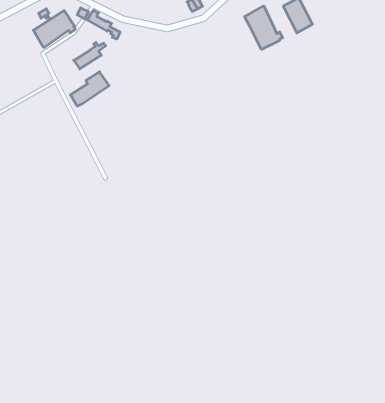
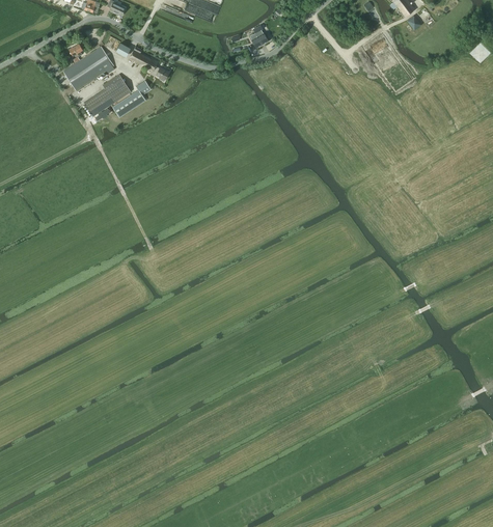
building: [245,6,283,49] -> none
building: [70,72,109,106] -> [84,74,131,115]

